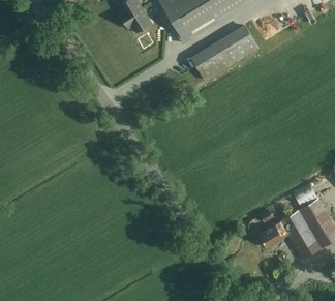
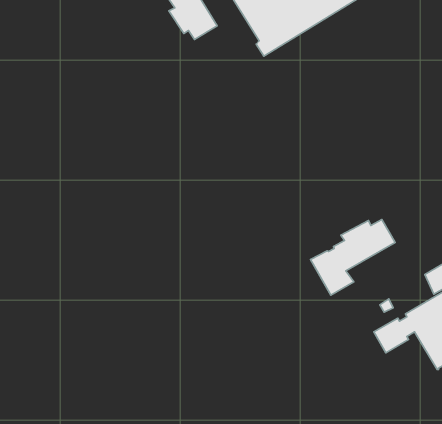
building: [189,24,256,79] -> none
building: none -> [310,220,395,295]

